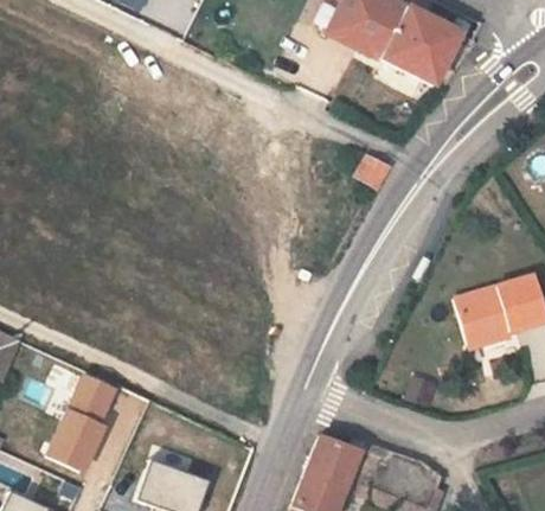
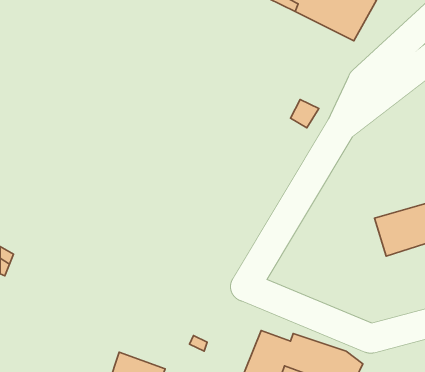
building: [47,375,114,471] -> none

